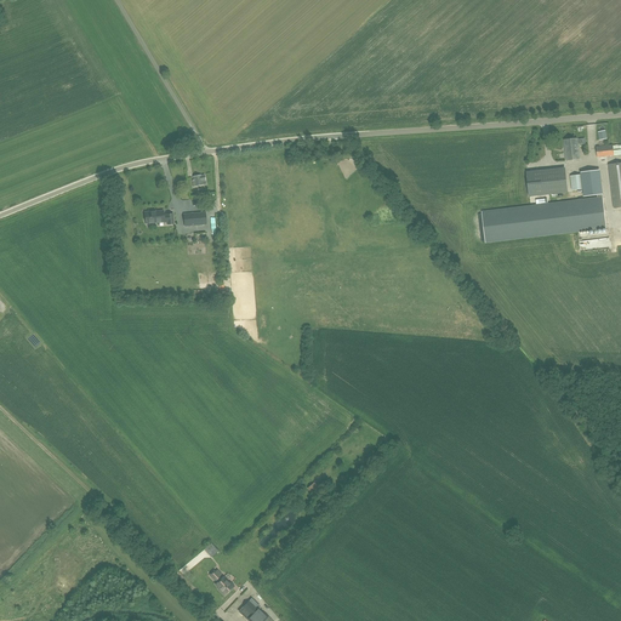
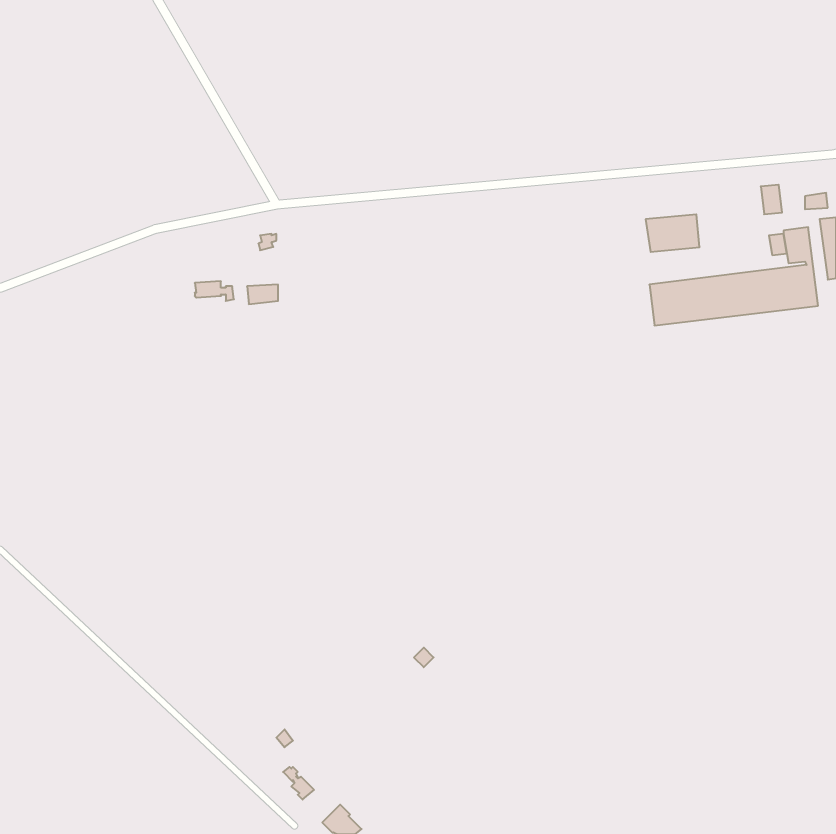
building: [526,167,566,195] -> [646,214,700,252]

